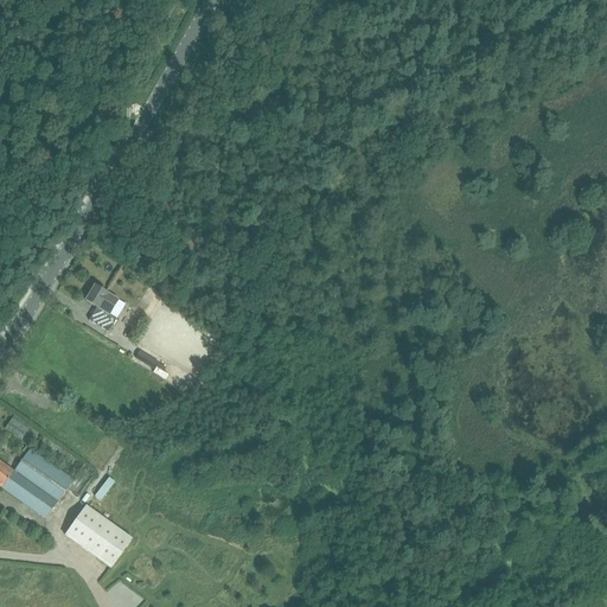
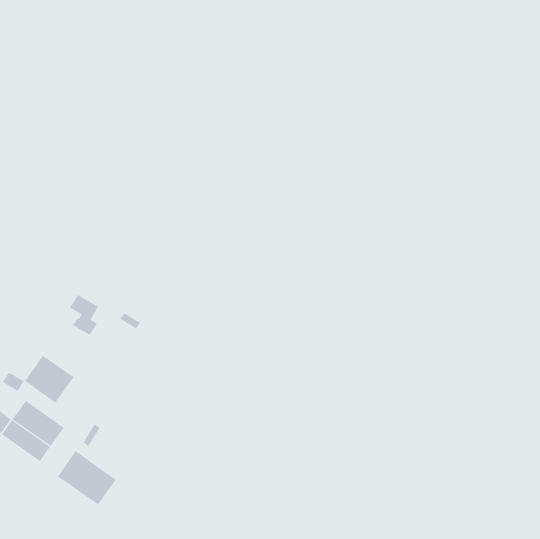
building: [84,283,117,330] -> [69,294,99,335]
building: none -> [24,355,74,404]

